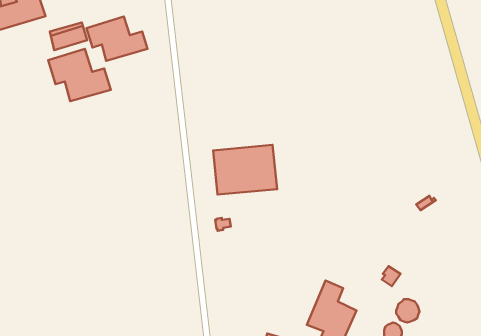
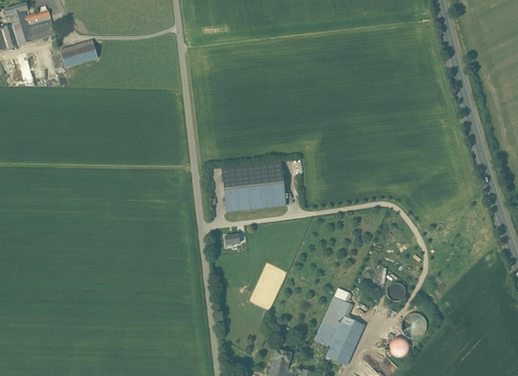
building: [87,17,147,61] -> none
building: [48,49,111,101] -> none

